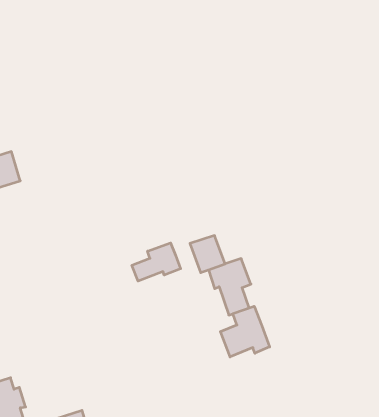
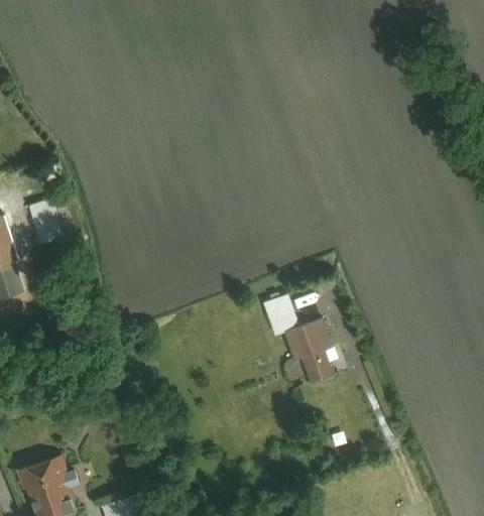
building: [132,243,181,281] -> none
building: [220,306,270,357] -> none

